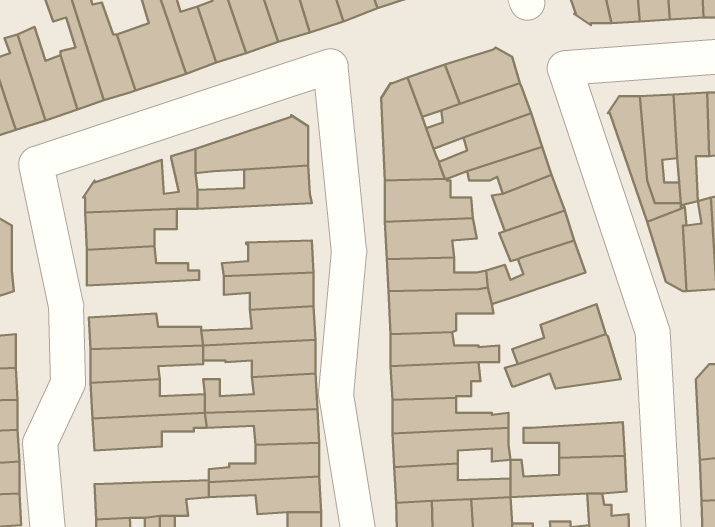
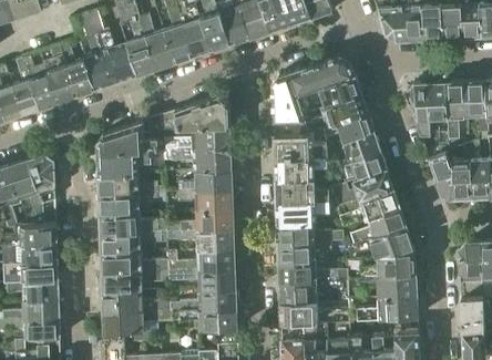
building: none -> [163,148,232,172]
building: none -> [339,189,400,228]
building: none -> [99,194,166,216]
building: none -> [361,253,416,281]
building: none -> [103,292,171,315]

